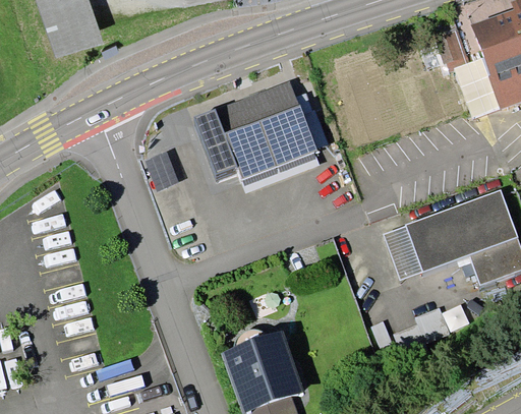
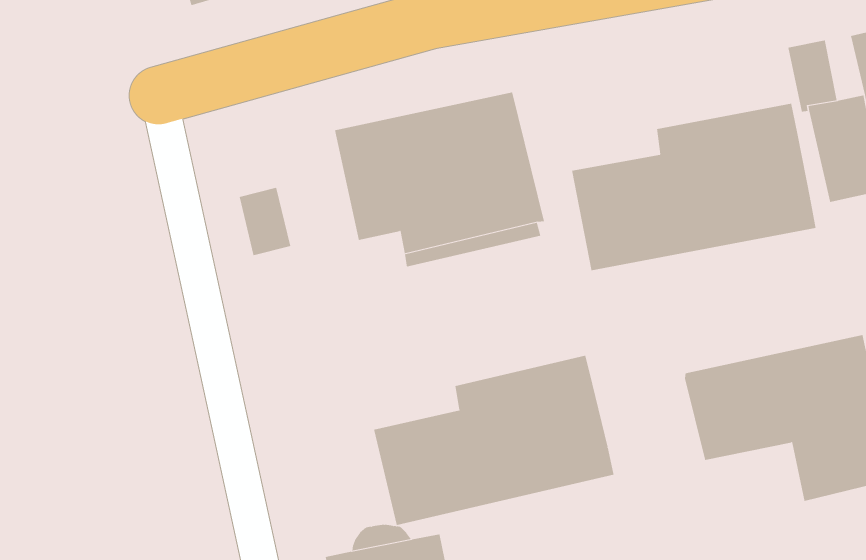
building: none -> [572,103,816,271]
building: none -> [374,355,614,526]
building: [385,227,423,279] -> none

